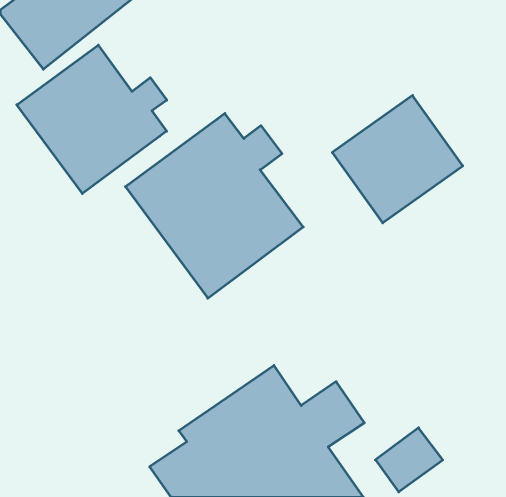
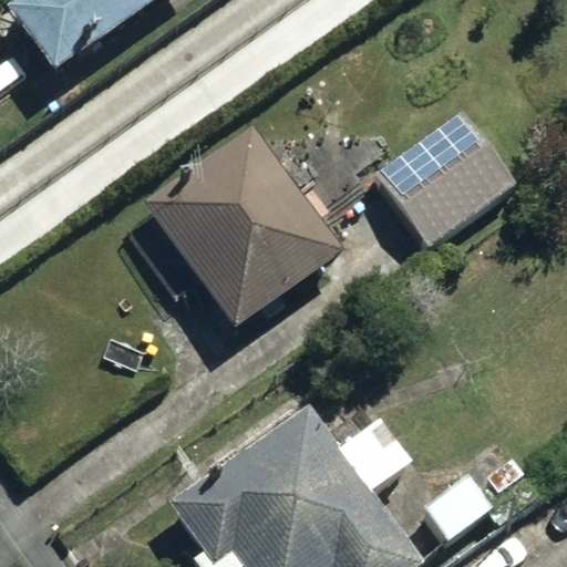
building: [17,45,167,194] -> none

